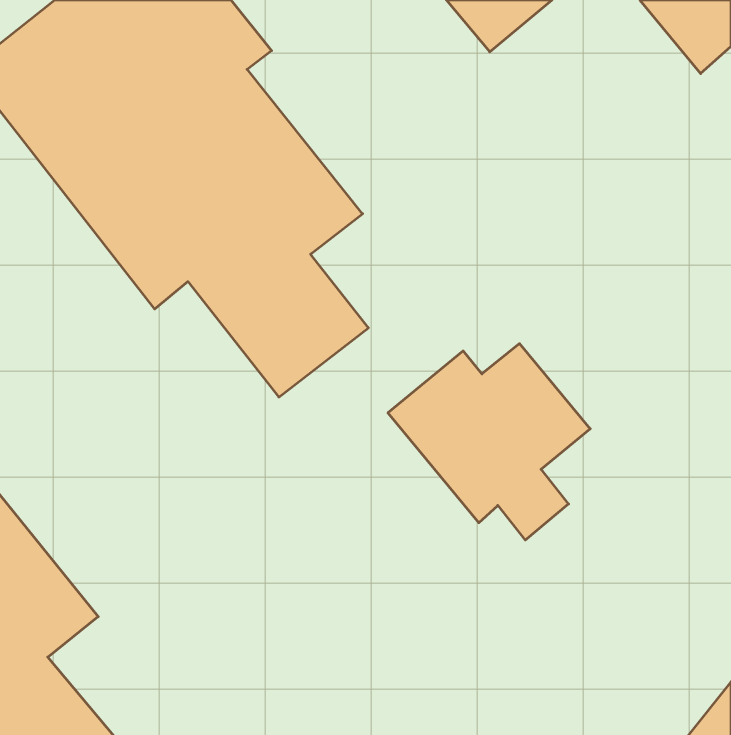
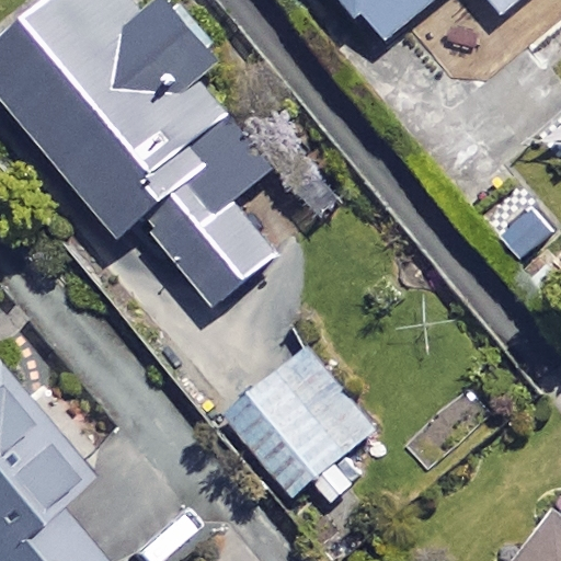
building: [388,344,590,540] -> [219,360,373,510]

